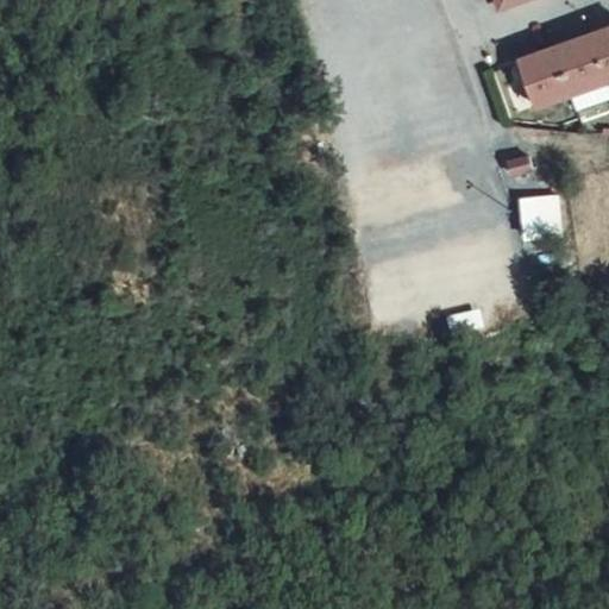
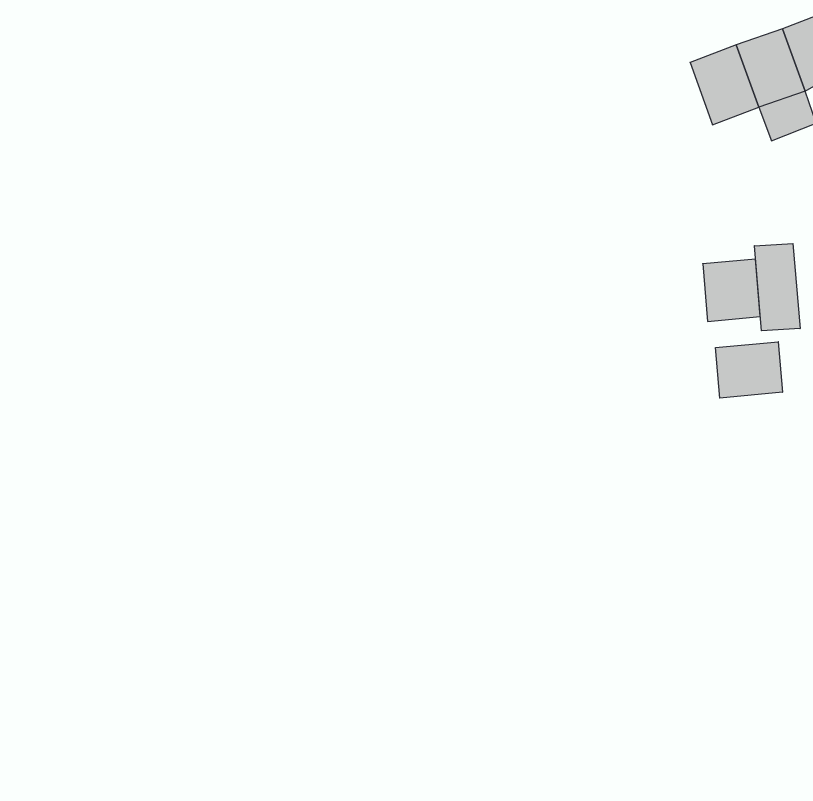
building: none -> [754,244,800,331]
building: none -> [716,342,782,398]

